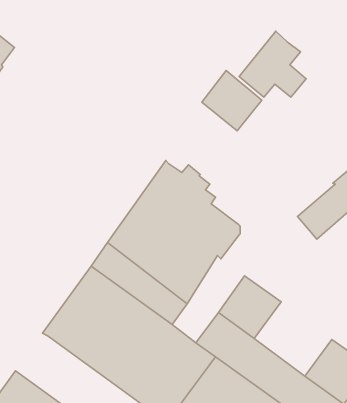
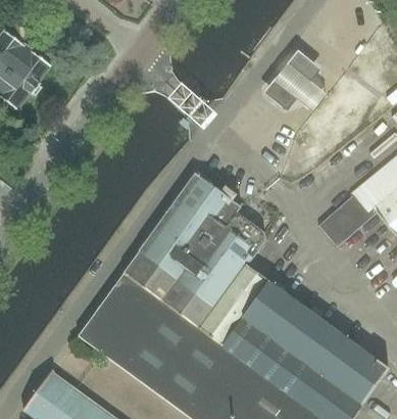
building: [202,70,262,131] -> none
building: none -> [200,263,268,345]
building: none -> [278,307,351,377]

